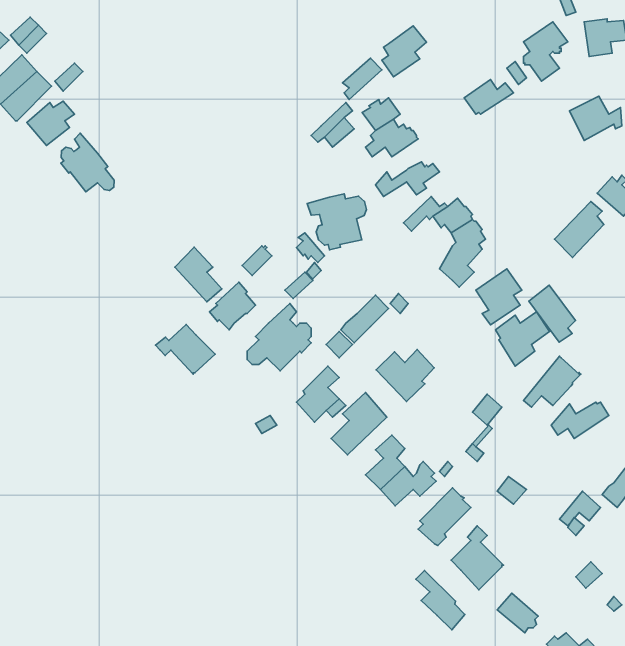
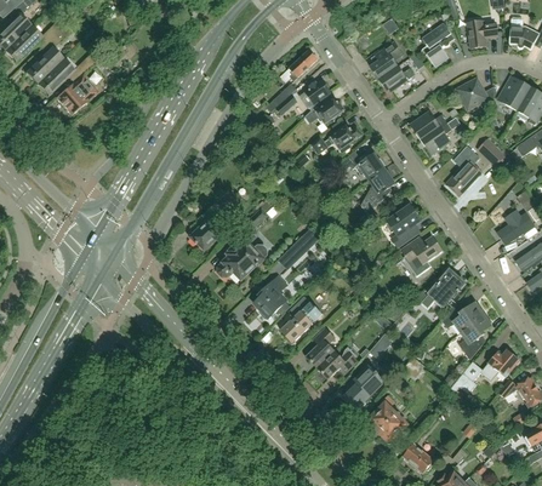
building: [382,26,426,77] -> [370,41,403,79]
building: [61,133,114,192] -> none
building: none -> [410,112,461,155]
building: [307,194,367,250] -> none
building: [175,247,222,302] -> none
building: [529,285,576,342] -> none
building: [155,324,215,374] -> none
building: [376,349,434,401] -> none
building: none -> [460,313,491,359]
building: [416,570,465,630] -> none

